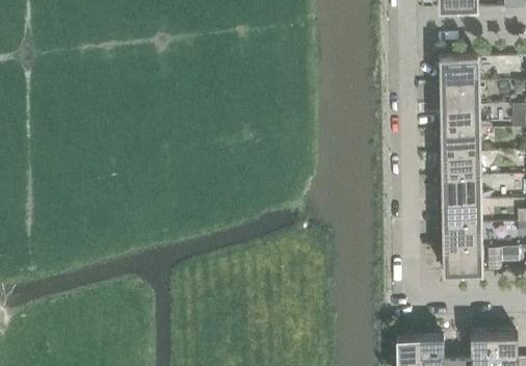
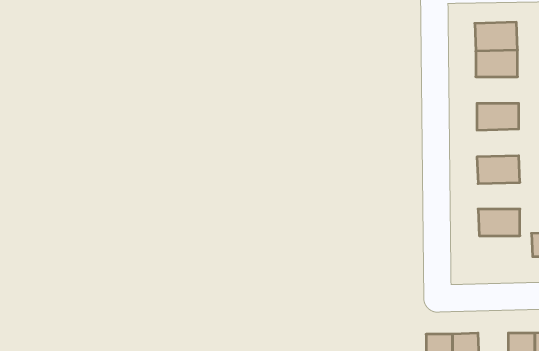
building: [441,106,479,130] -> none
building: [442,153,479,178] -> none
building: [443,201,480,225] -> none
building: [444,249,481,273] -> none

